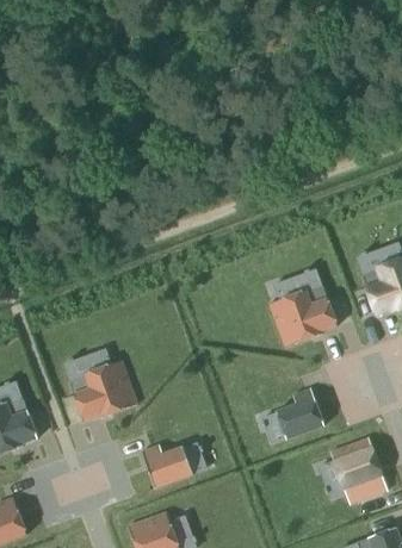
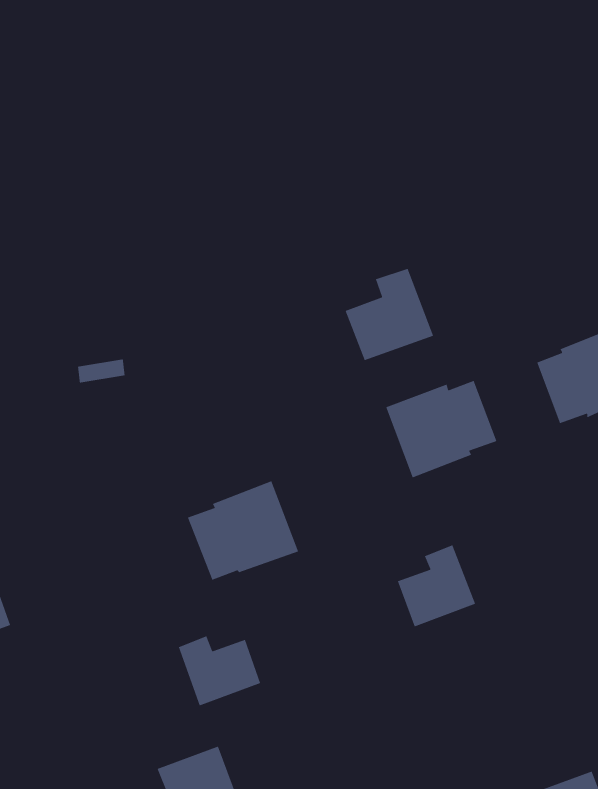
building: none -> [345,268,434,361]
building: [68,359,137,421] -> [187,480,299,581]
building: [330,437,388,503] -> none

